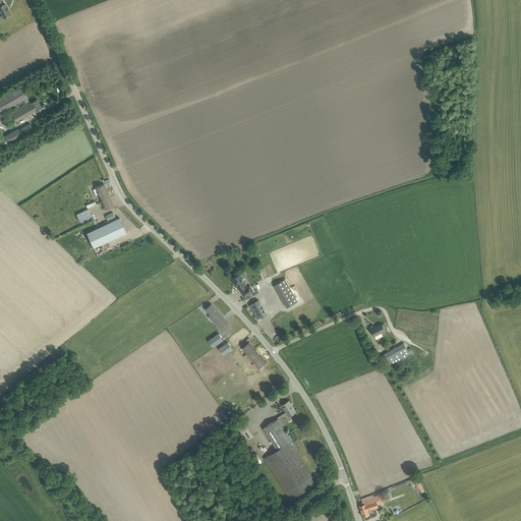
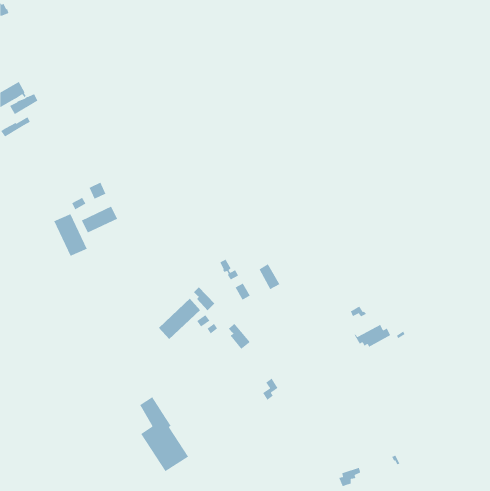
building: none -> [53,213,88,257]
building: none -> [158,298,201,340]
building: [263,418,315,499] -> [139,396,189,472]

